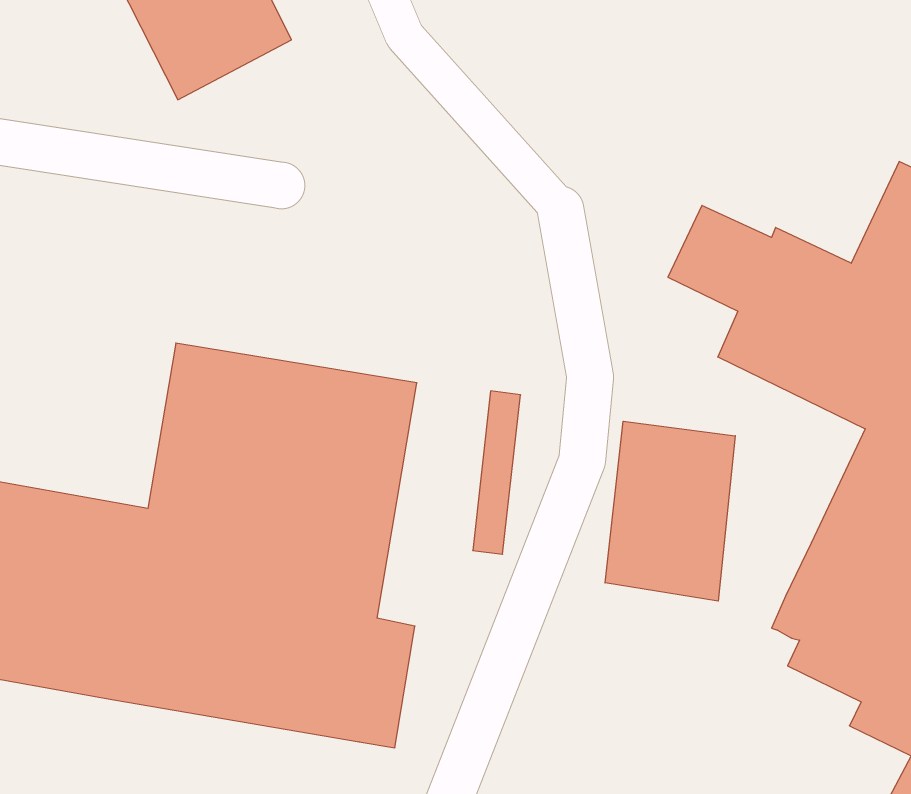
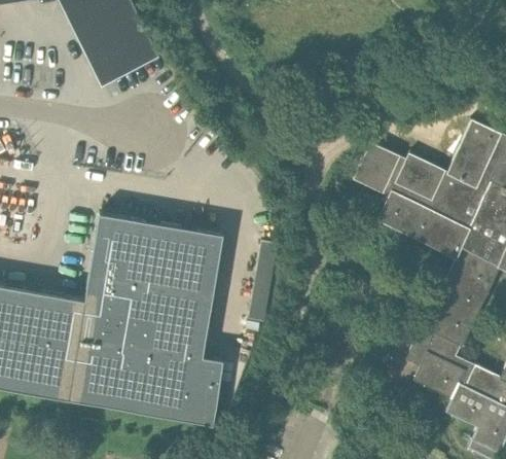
building: [605,421,735,601] -> none

